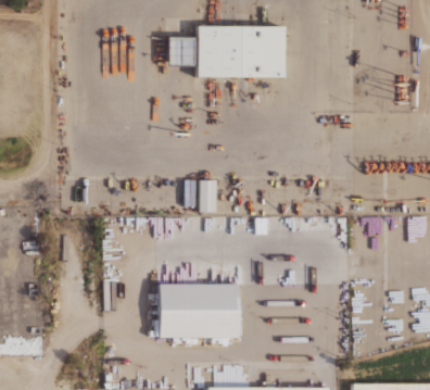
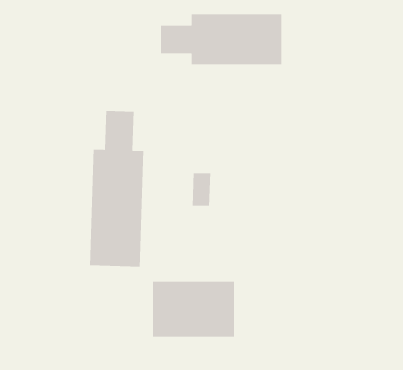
building: none -> [89,110,144,267]

